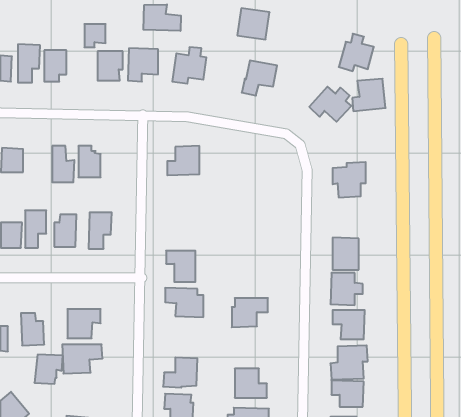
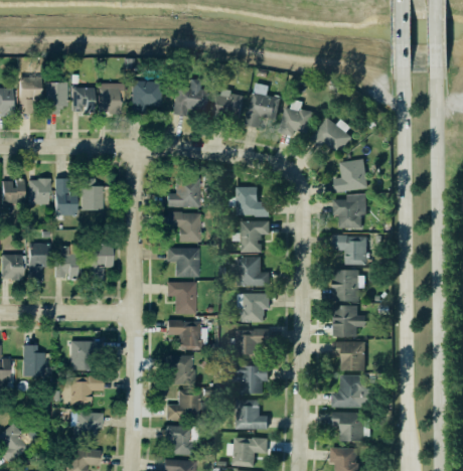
building: [143,4,181,31] -> none
building: [237,8,270,39] -> [211,91,244,122]
building: [84,24,106,47] -> [70,88,92,111]
building: [339,34,374,71] -> [276,99,311,136]
building: [352,79,386,111] -> [334,160,367,192]
building: none -> [29,179,50,204]
building: none -> [228,187,270,217]
building: none -> [168,212,201,243]
building: none -> [233,221,270,254]
building: none -> [333,237,371,266]
building: none -> [165,247,197,277]
building: none -> [229,258,270,286]
building: none -> [237,294,270,322]
building: none -> [165,354,193,383]
building: none -> [233,366,268,395]
building: [34,355,63,384] -> [72,412,101,441]

